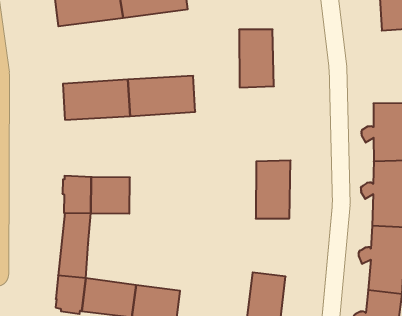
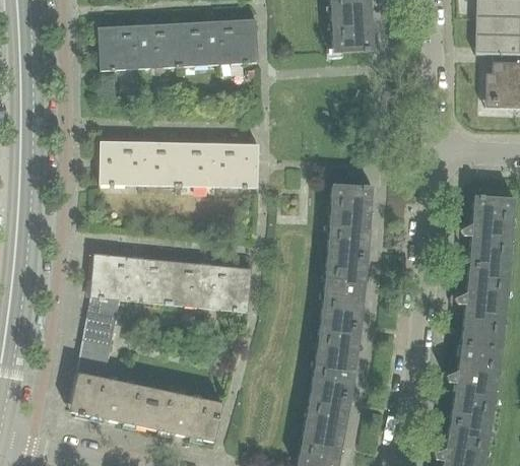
building: [239,29,274,87] -> [327,184,373,256]
building: none -> [169,261,252,313]
building: none -> [312,323,362,396]

